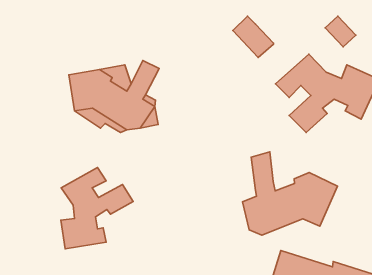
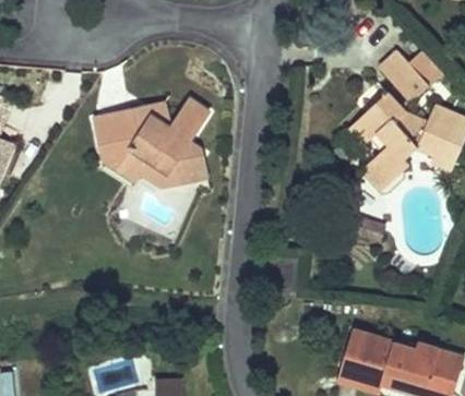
building: [233,16,274,58] -> [380,51,429,101]
building: [243,152,337,235] -> none
building: [61,167,133,249] -> none

